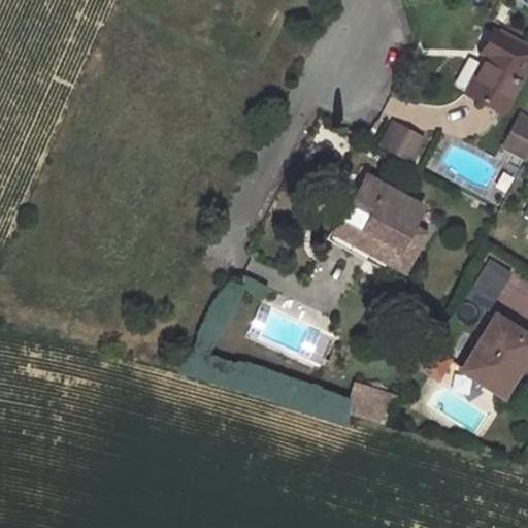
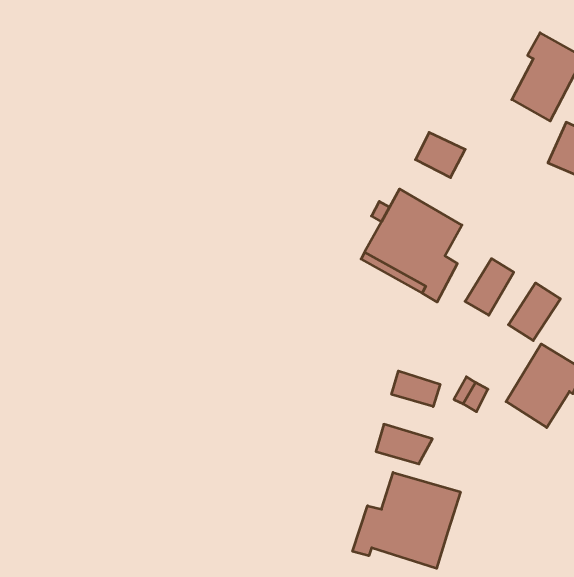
building: none -> [465,259,514,315]
building: none -> [392,371,440,407]
building: none -> [353,472,460,568]

